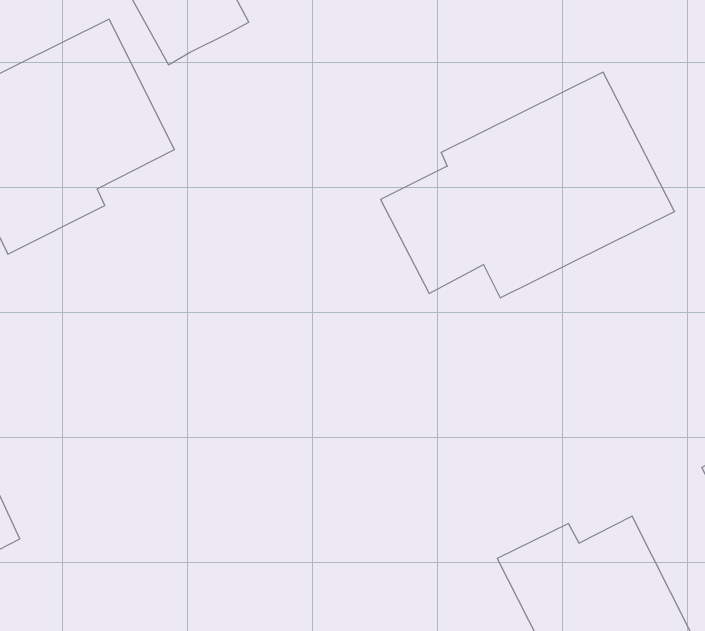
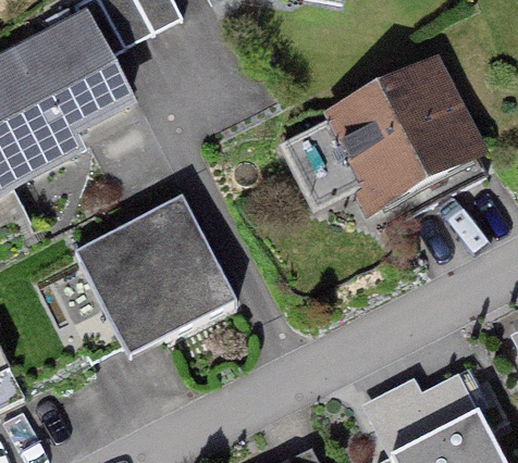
building: none -> [74,195,237,358]

